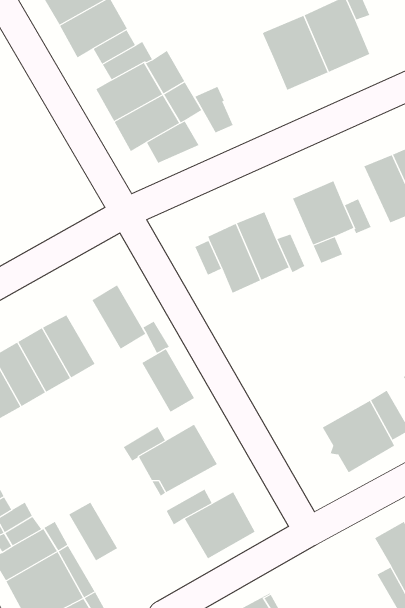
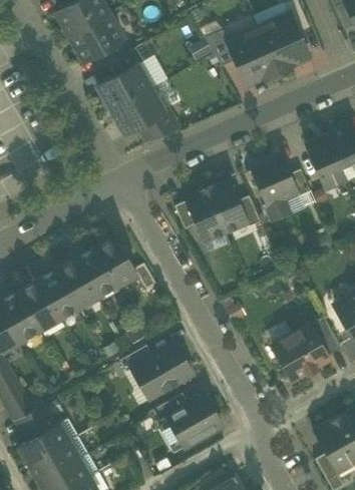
building: [194,86,234,133] -> [205,31,235,67]
building: [142,349,195,412] -> [76,249,117,298]
building: [68,502,118,561] -> none

